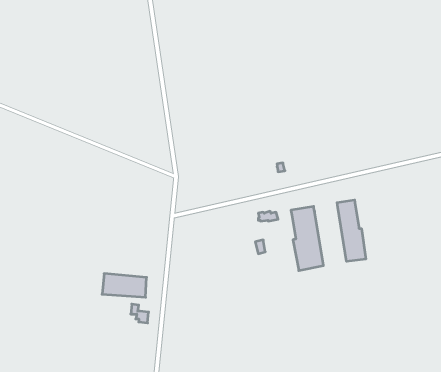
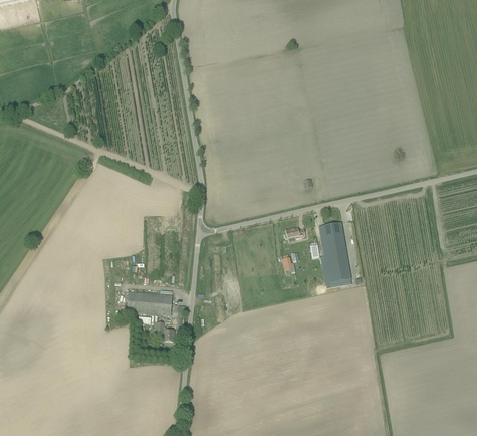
building: [337,200,366,261] -> none

